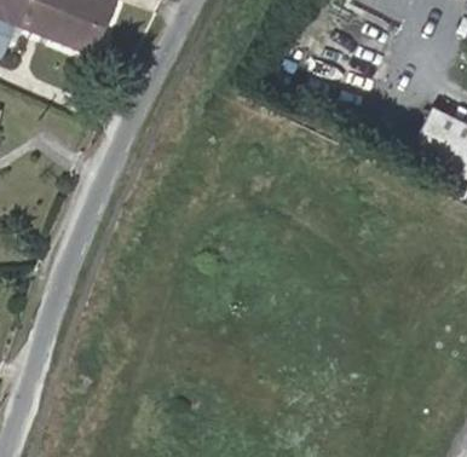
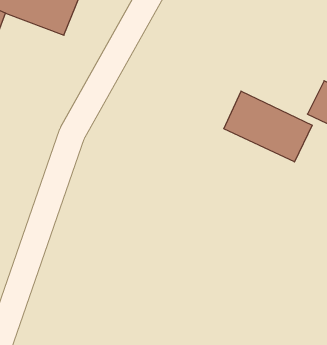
building: none -> [224,91,312,162]

